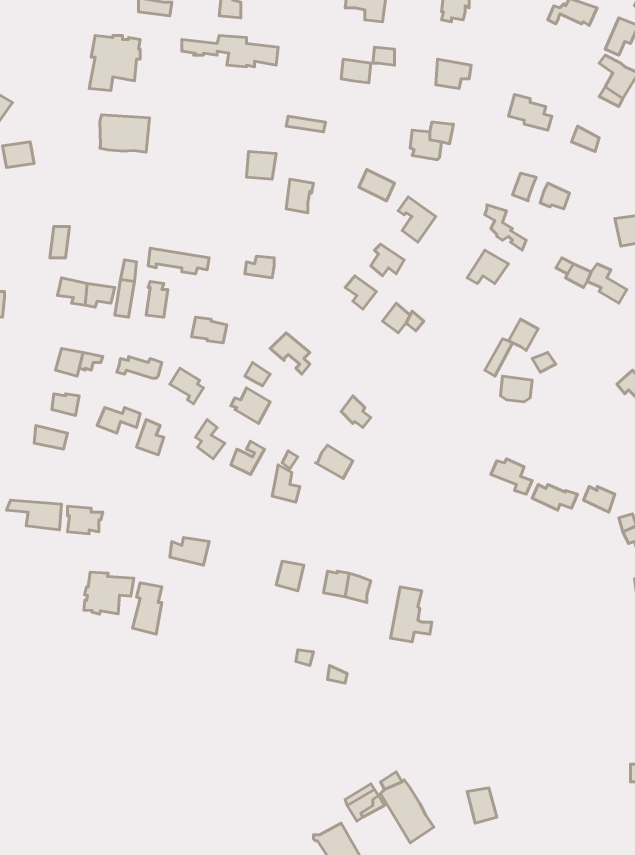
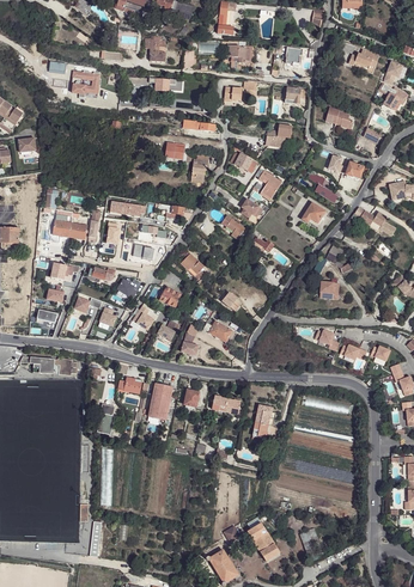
building: [100,115,149,152] -> none
building: none -> [148,384,173,421]
building: [84,572,134,614] -> none

